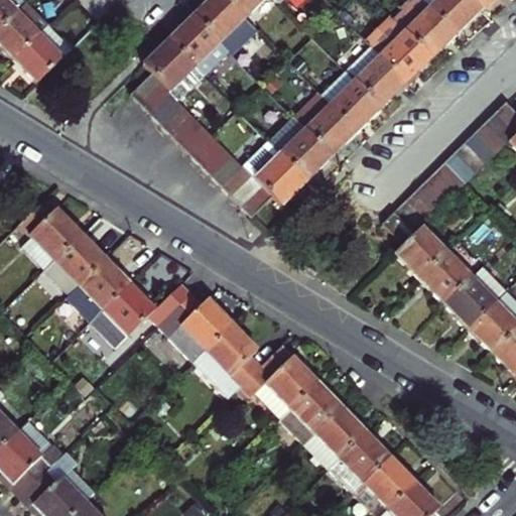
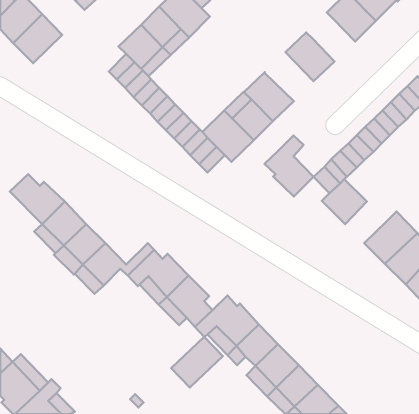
building: [386,23,437,75] -> none
building: [328,63,387,123] -> none
building: none -> [265,135,314,196]
building: [425,245,476,295] -> none
building: none -> [171,337,223,387]

